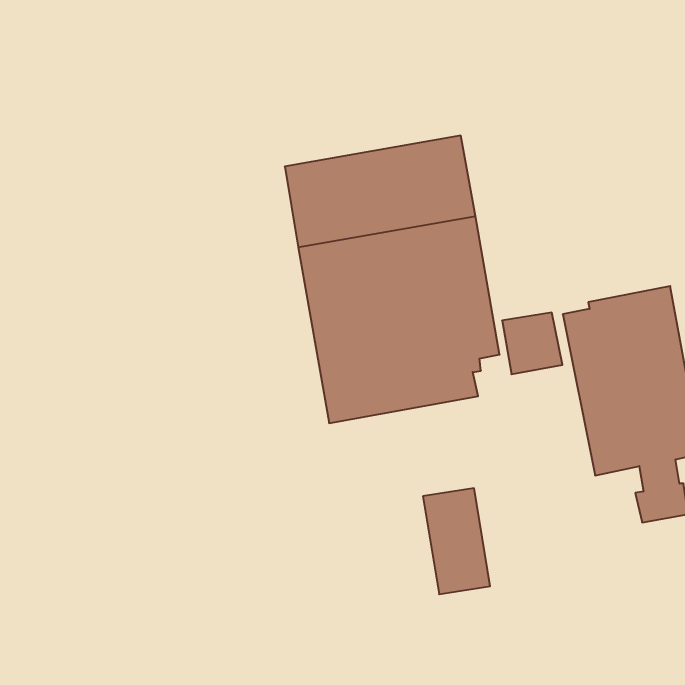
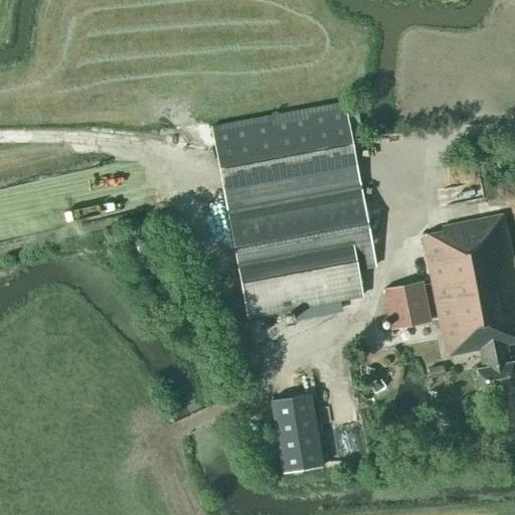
building: [502,313,562,374] -> [383,283,428,329]
building: [423,488,490,594] -> [272,393,322,473]

